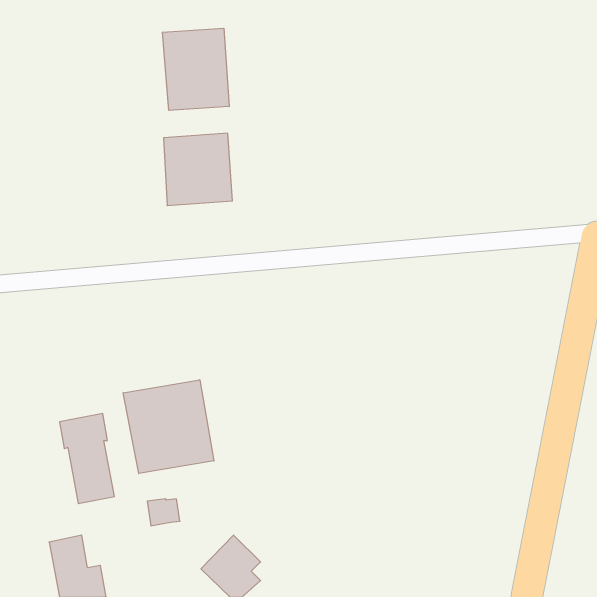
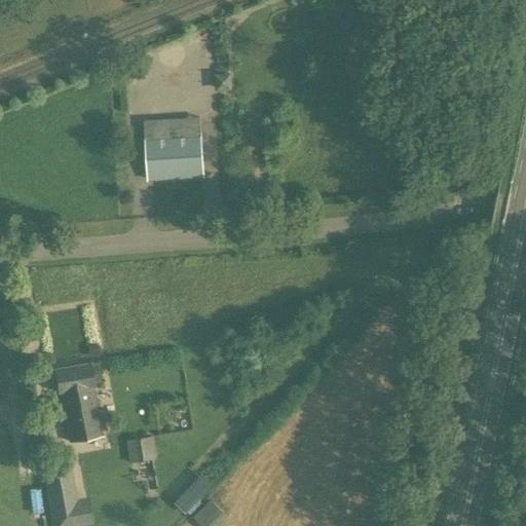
building: [162,28,229,110] -> none
building: [123,380,214,474] -> none

